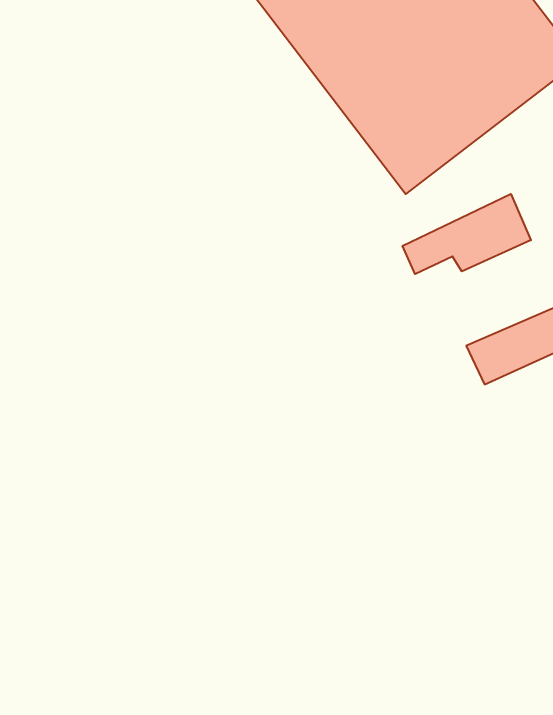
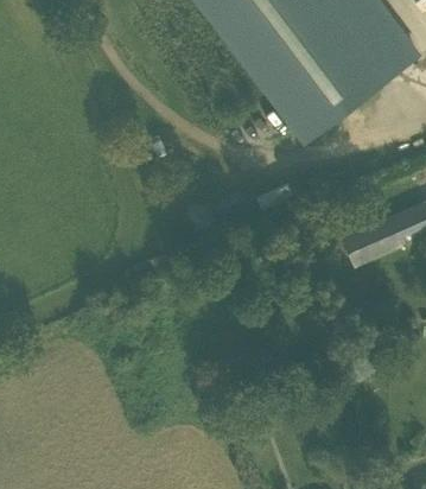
building: [403,194,531,274] -> none

